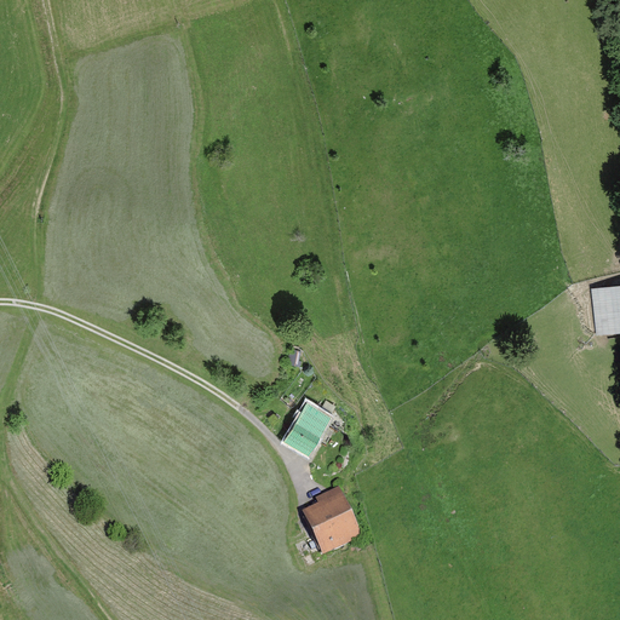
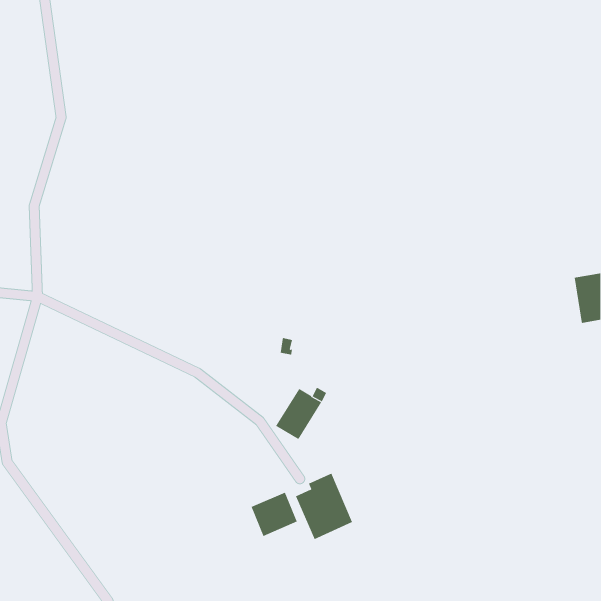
building: none -> [251,492,298,537]

